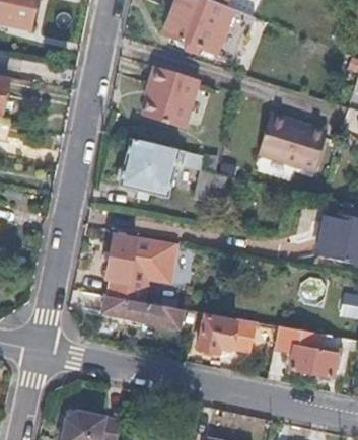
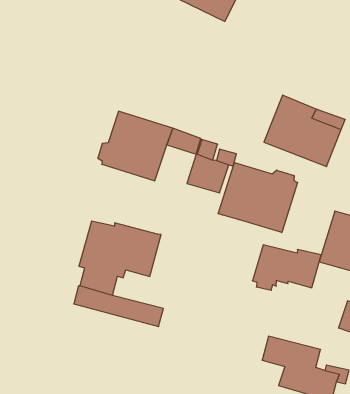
building: [144,67,198,130] -> none
building: none -> [218,163,298,233]
building: [197,316,256,356] -> [252,245,321,290]

